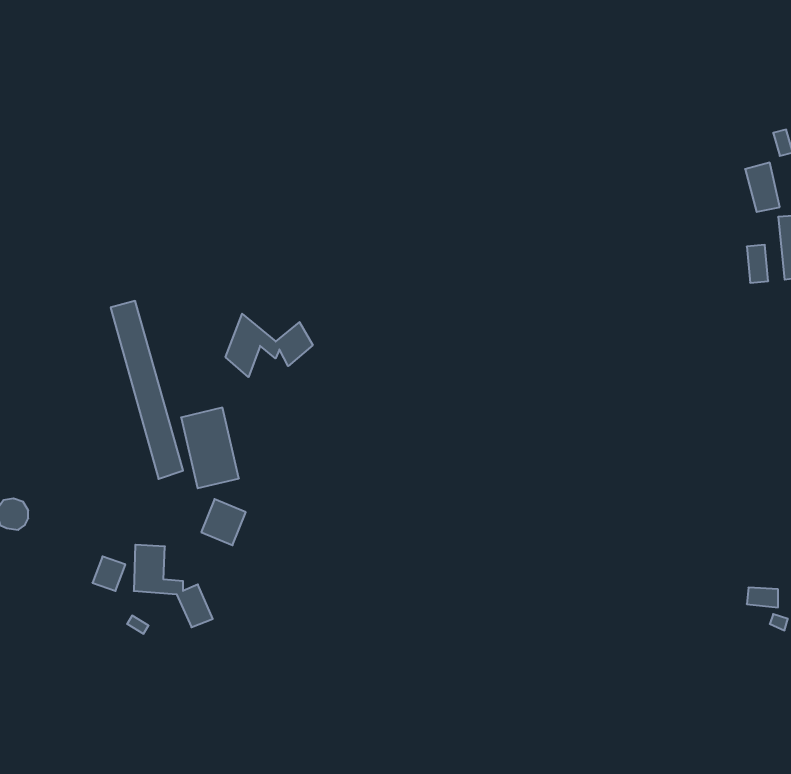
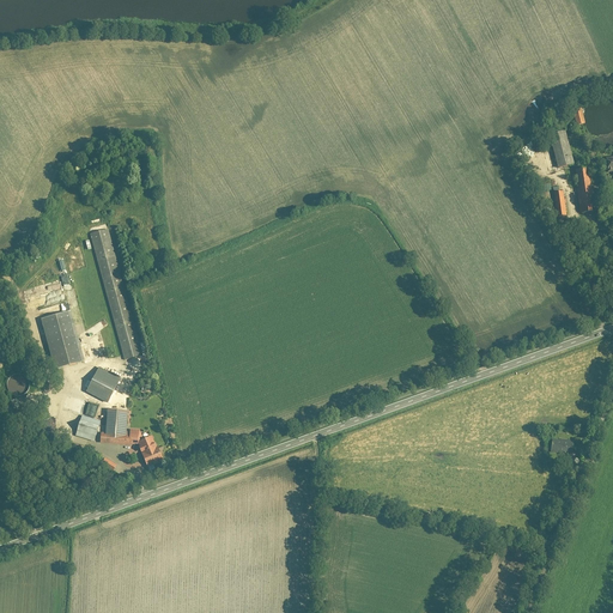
building: [226,314,313,377] -> none
building: [181,408,239,488] -> [42,309,84,368]
building: [201,499,246,545] -> [86,366,119,400]

